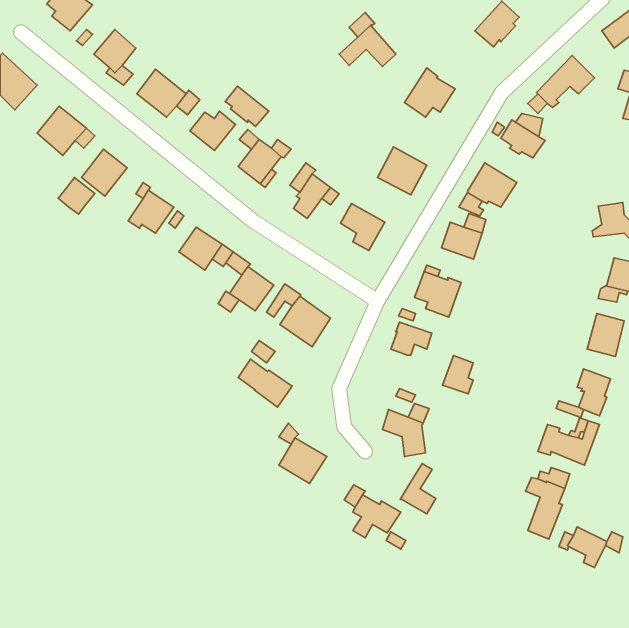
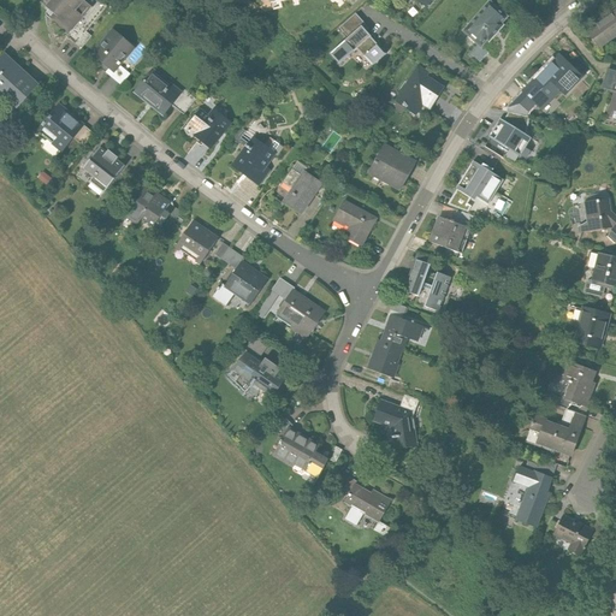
building: [225,86,269,127] -> none
building: [58,178,95,214] -> none
building: [442,356,473,394] -> [368,339,398,377]
building: [400,464,436,514] -> none

